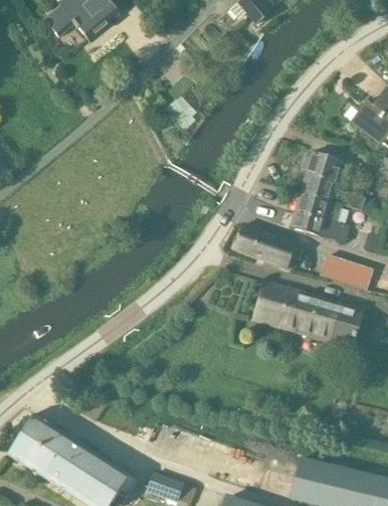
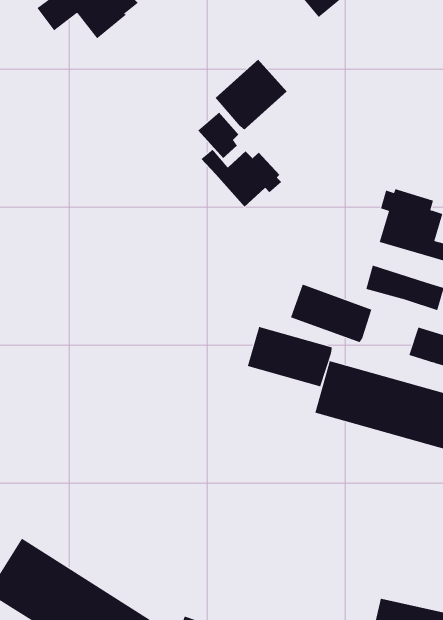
building: none -> [215,59,287,131]
building: none -> [200,149,282,207]
building: [296,192,342,222] -> none
building: none -> [247,326,332,387]

